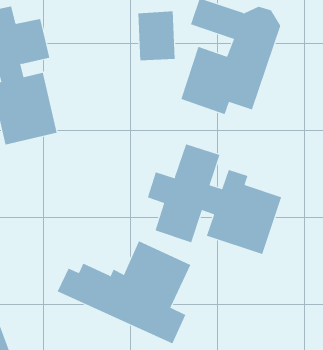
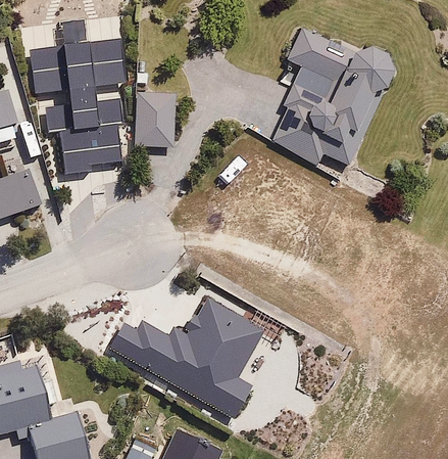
building: [138,11,175,61] -> [134,91,178,147]
building: [147,144,282,255] -> none

